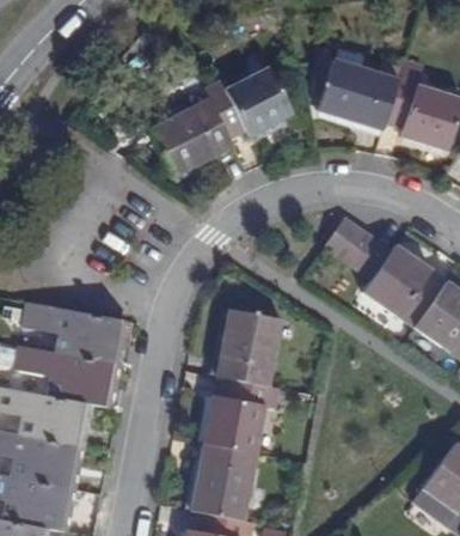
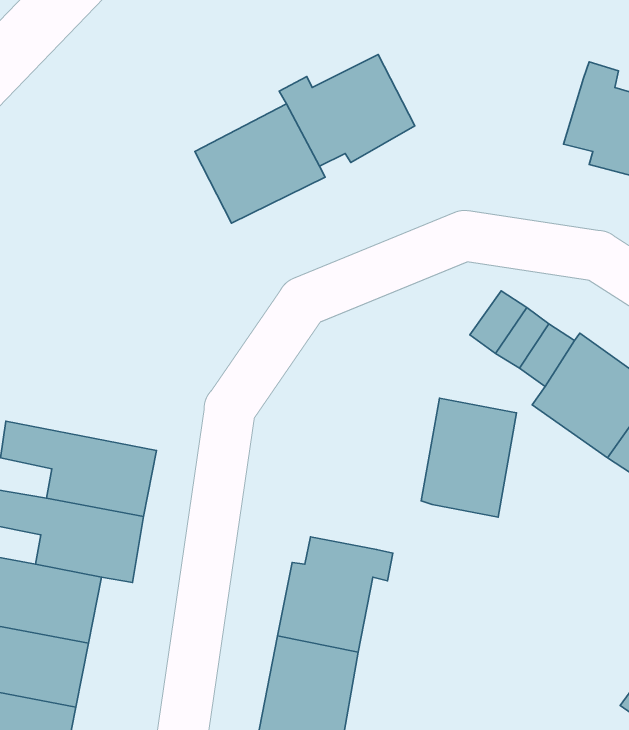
building: [324,59,401,129] -> none
building: [216,309,278,386] -> [421,398,516,517]

